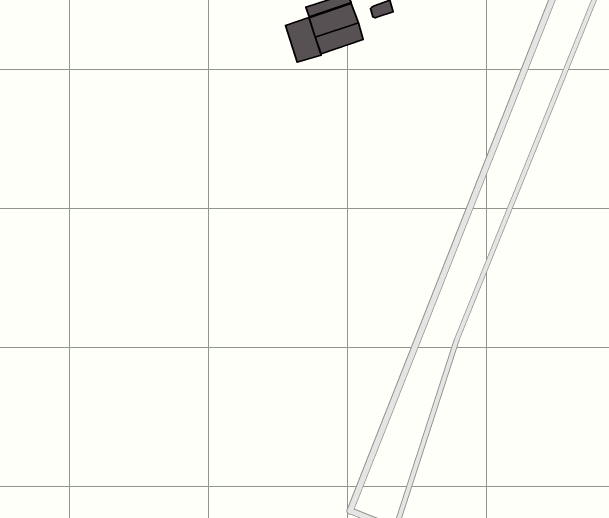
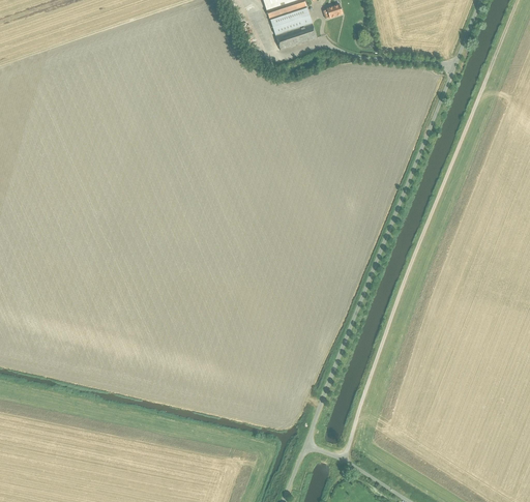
building: [286,17,321,62] -> none

